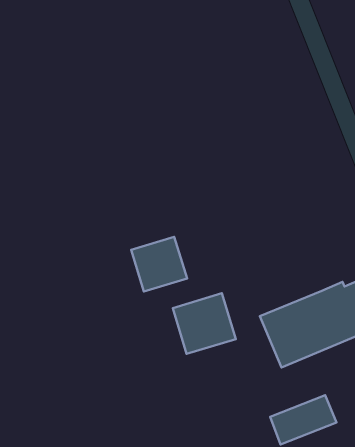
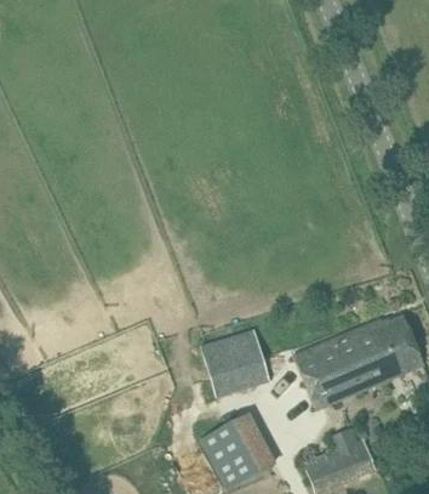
building: [131,237,187,291] -> none
building: none -> [198,410,273,488]

